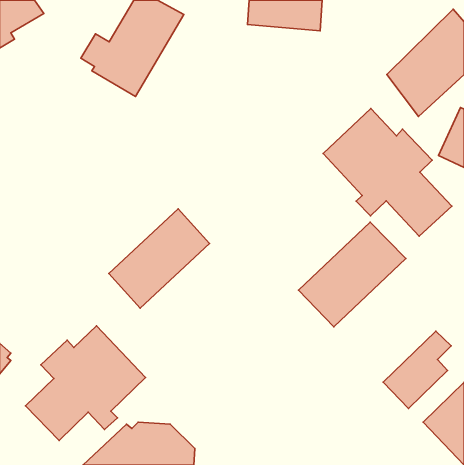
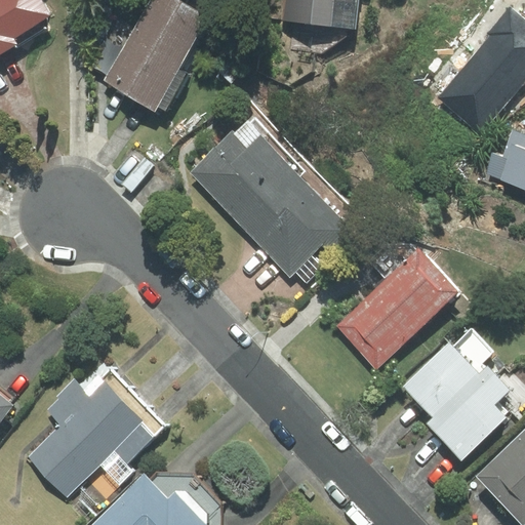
building: none -> [191,118,354,283]
building: [323,108,452,236] -> none
building: [109,209,210,308] -> none
building: none -> [402,331,491,431]

